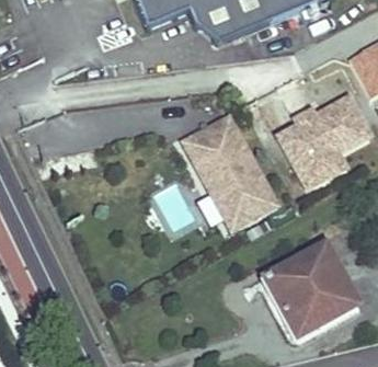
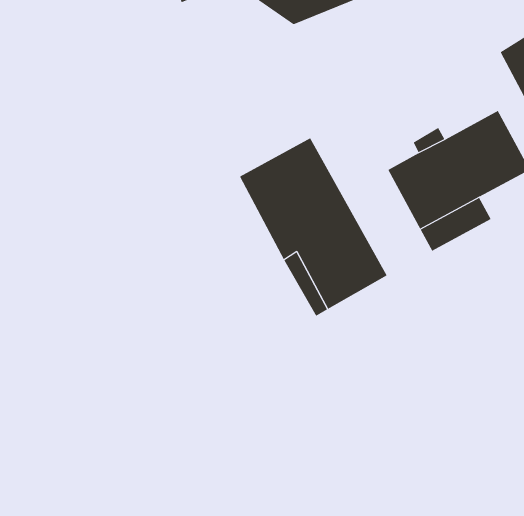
building: [263,241,356,334] -> none

